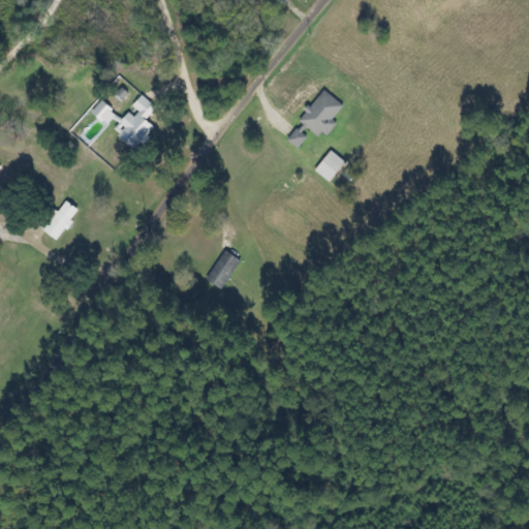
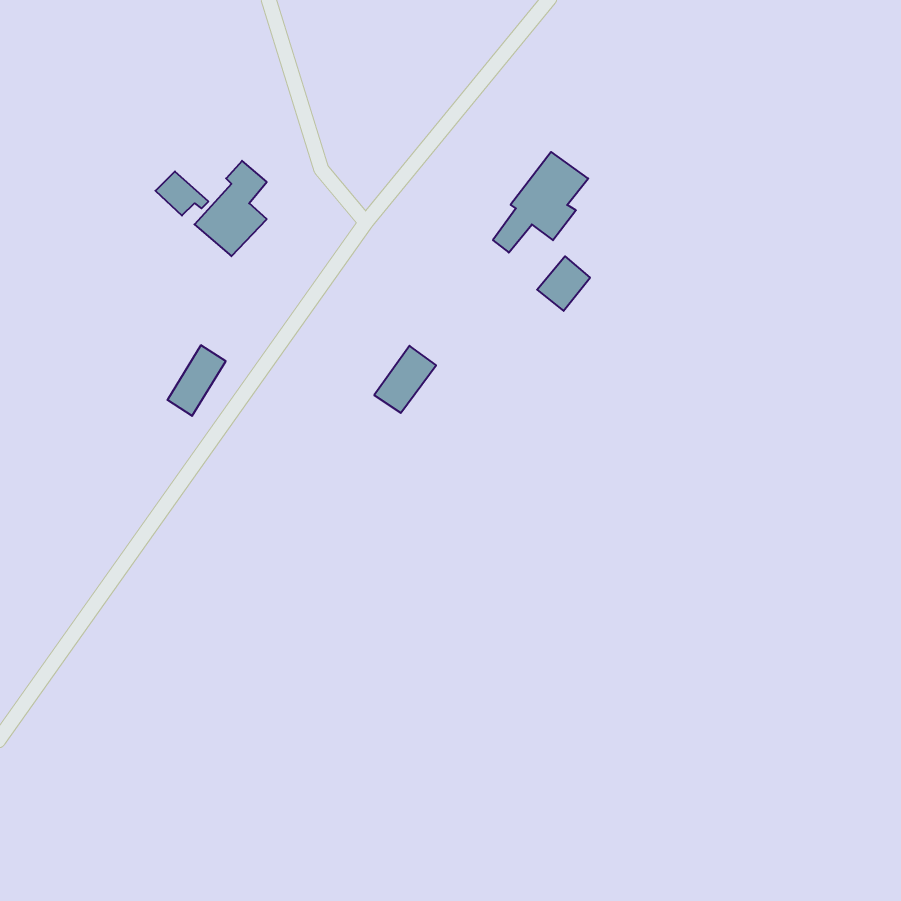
building: [44,199,79,241] -> [167,345,226,416]
building: [206,250,242,289] -> [374,346,436,413]

